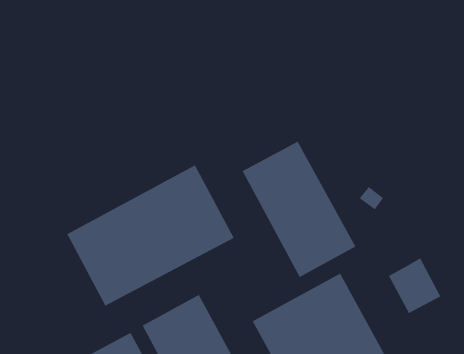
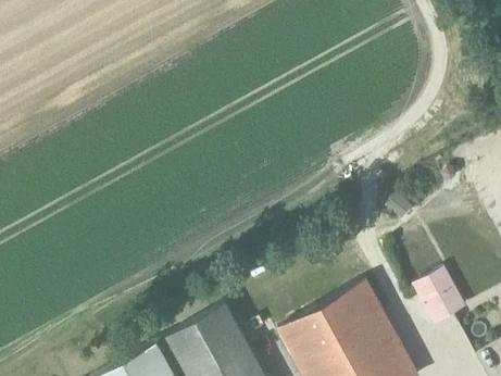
building: [242,141,356,278] -> none
building: [67,165,235,307] -> none

